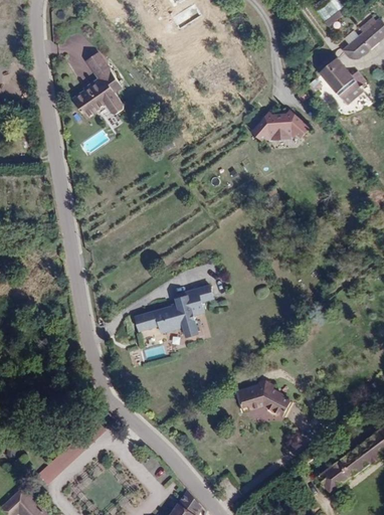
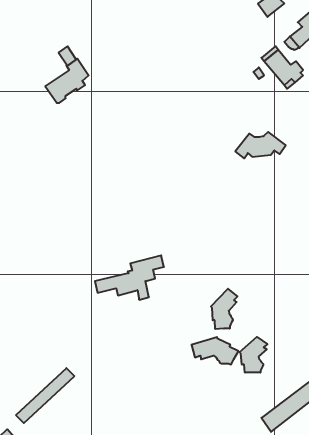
building: [251,112,309,142] -> [235,132,286,158]
building: none -> [211,289,237,329]
building: none -> [239,337,267,373]

